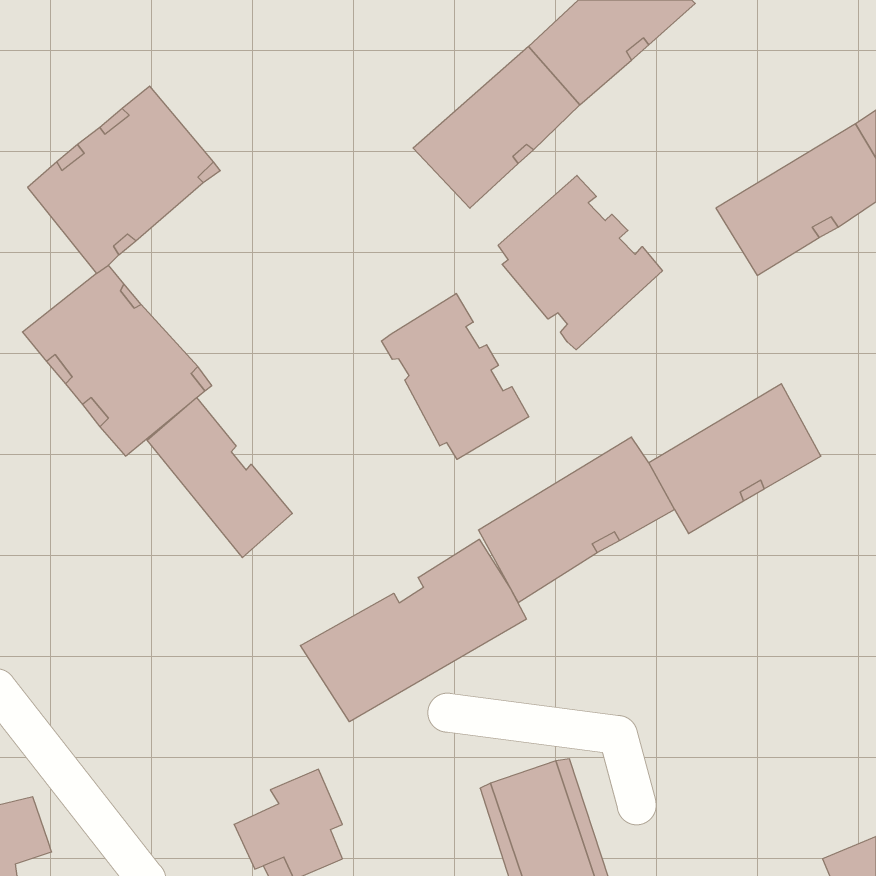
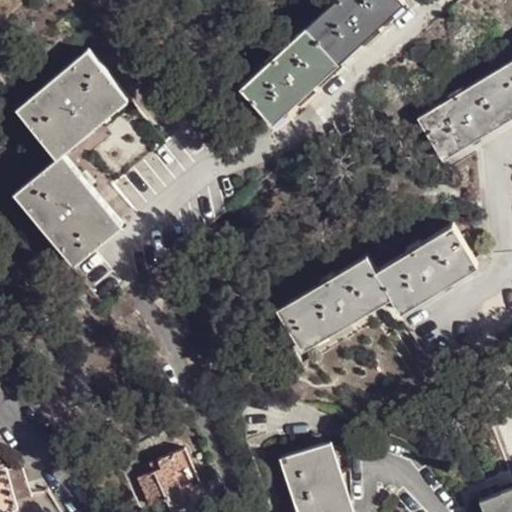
building: [498,175,662,350] -> none
building: [381,293,529,459] -> none
building: [147,398,292,558] -> none
building: [300,539,526,722] -> none

